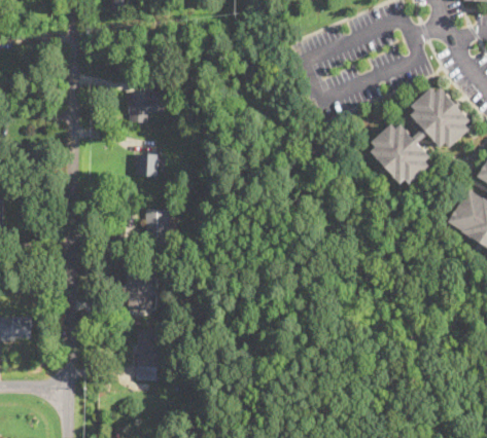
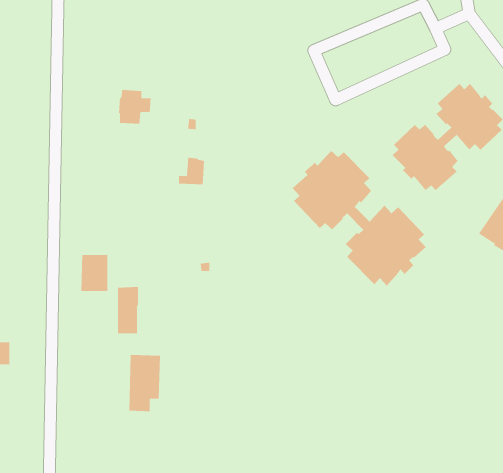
building: none -> [292,150,426,287]
building: [133,152,156,177] -> [178,157,205,185]
building: [143,210,168,243] -> [80,255,108,291]

